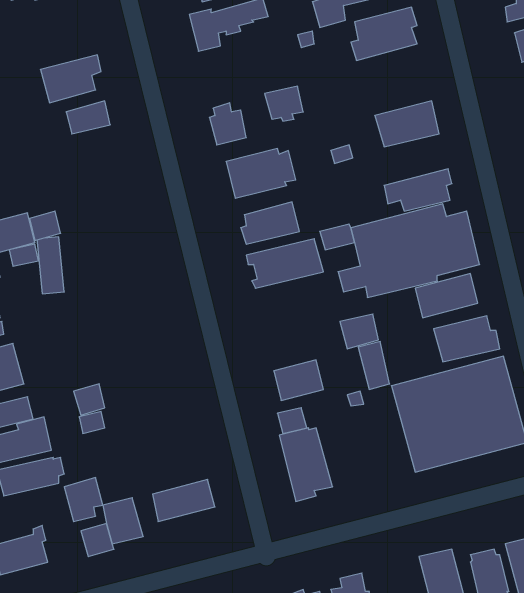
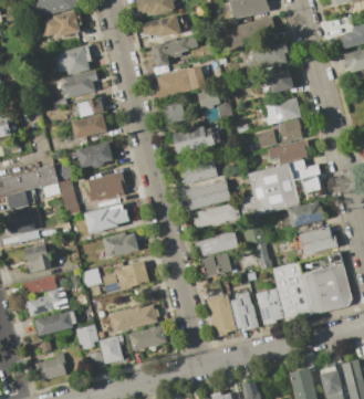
building: none -> [55,45,91,75]
building: none -> [155,65,206,98]
building: none -> [263,65,294,94]
building: none -> [71,114,106,139]
building: none -> [257,119,303,148]
building: none -> [76,141,113,168]
building: none -> [83,171,124,202]
building: none -> [193,202,237,228]
building: none -> [83,203,129,233]
building: none -> [193,230,238,255]
building: none -> [103,233,137,256]
building: none -> [102,261,148,294]
building: none -> [254,288,283,325]
building: none -> [230,292,258,329]
building: none -> [110,305,157,333]

